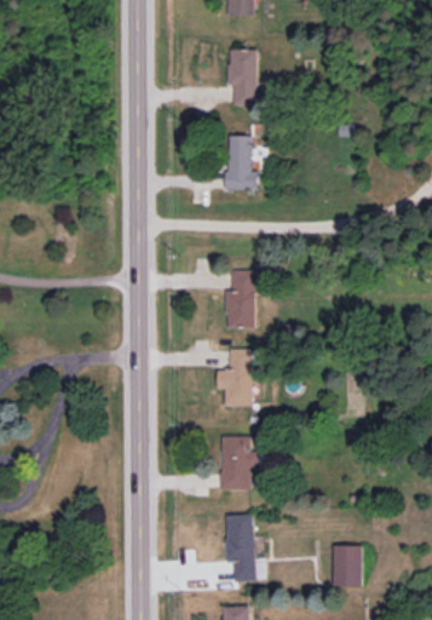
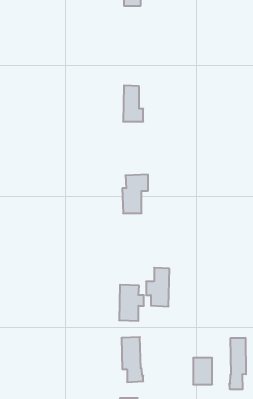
building: [229,50,257,105] -> none
building: [217,349,252,407] -> [146,268,169,306]
building: none -> [230,338,246,389]

